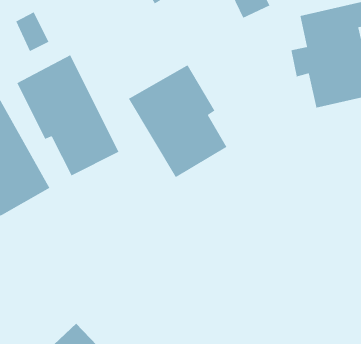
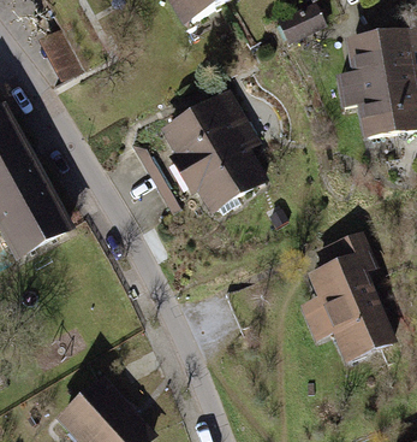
building: [16,54,119,176] -> none
building: none -> [298,230,393,366]

